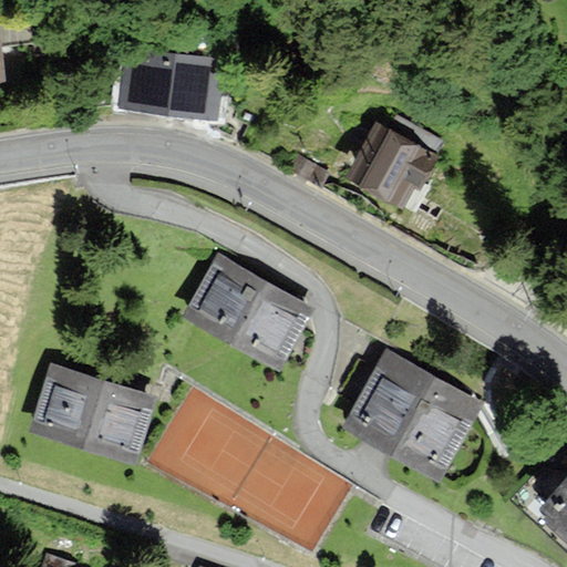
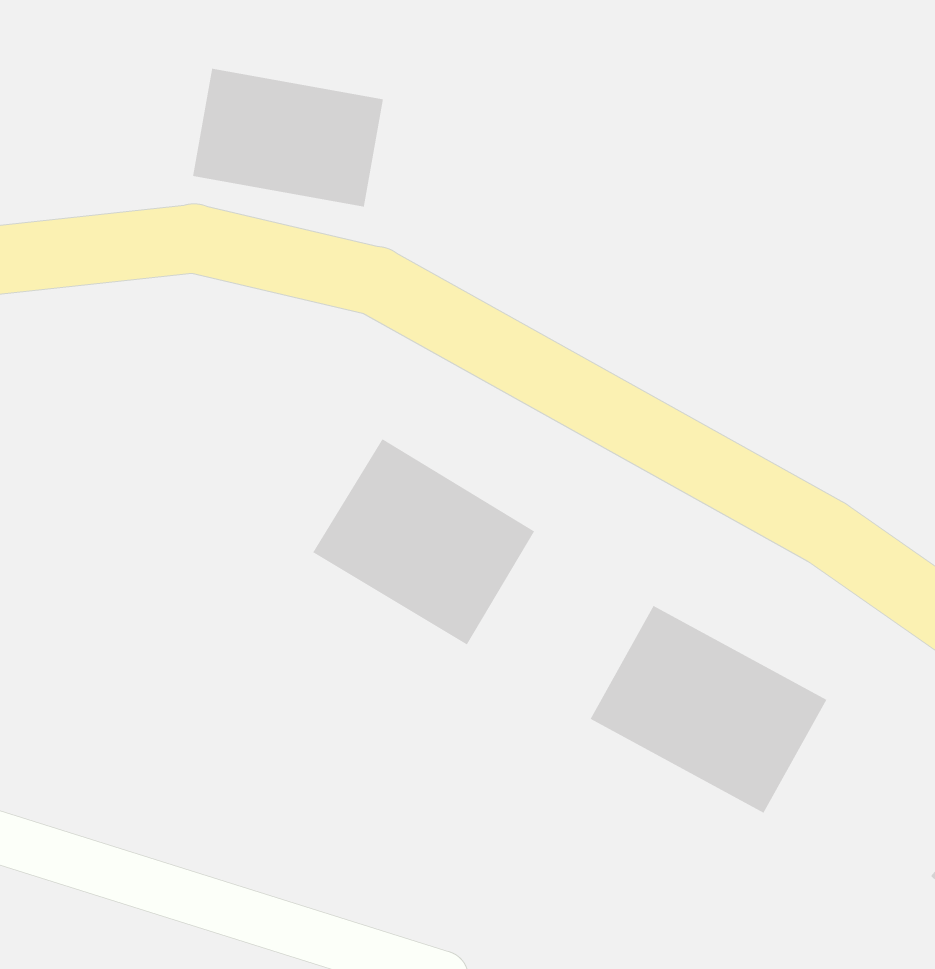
building: [348,120,437,212] -> none
building: [31,363,151,456] -> none

